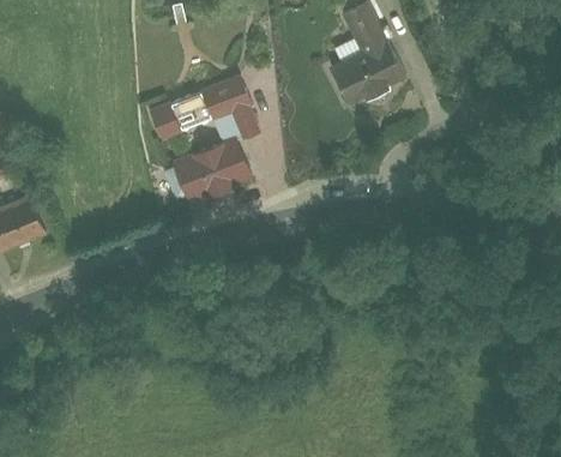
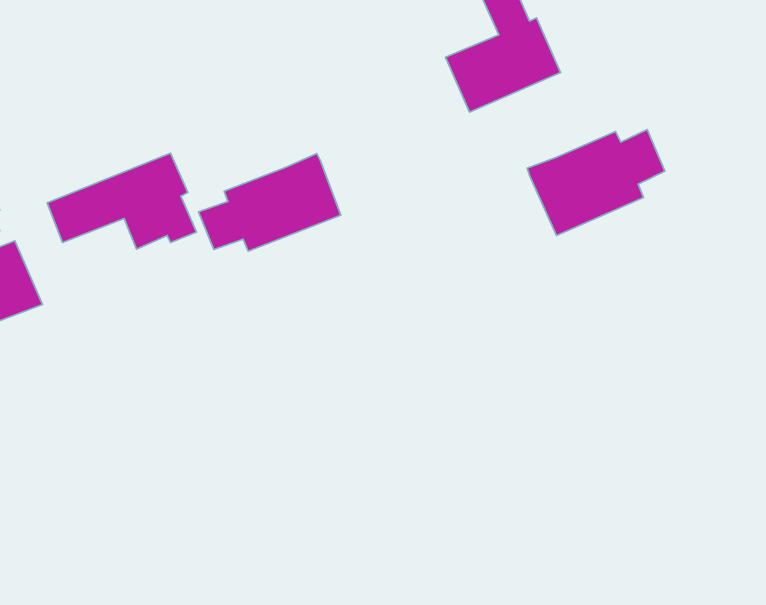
building: [153,74,258,142] -> [47,153,196,249]
building: none -> [527,129,665,236]

